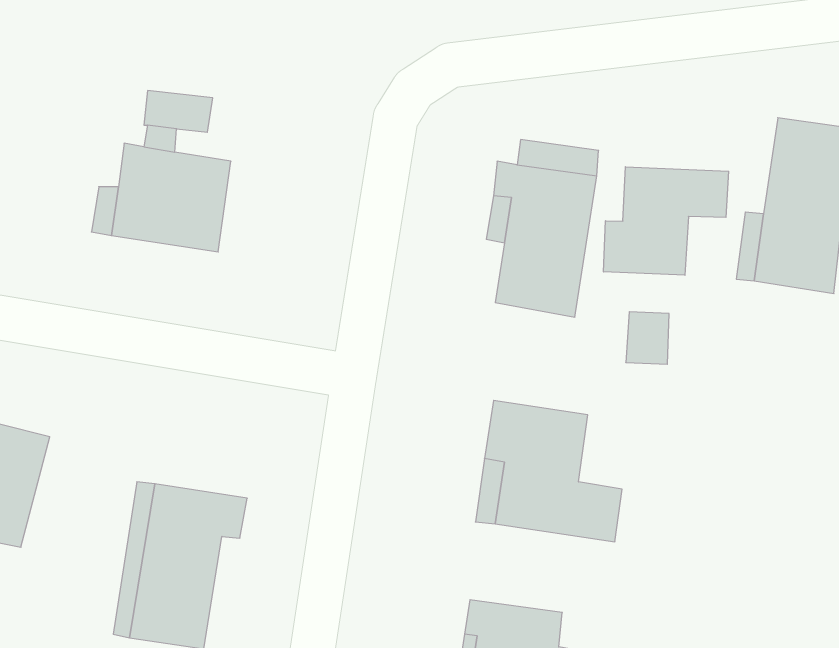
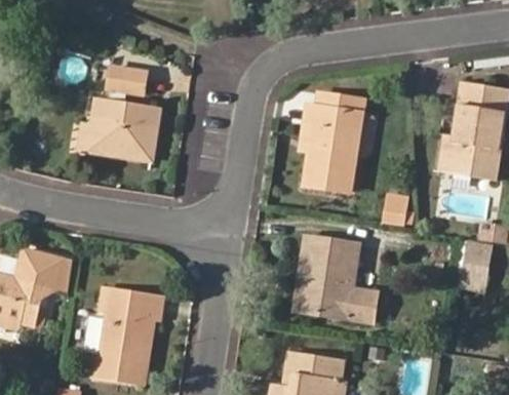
building: [604,167,729,275] -> none
building: none -> [457,238,490,288]

